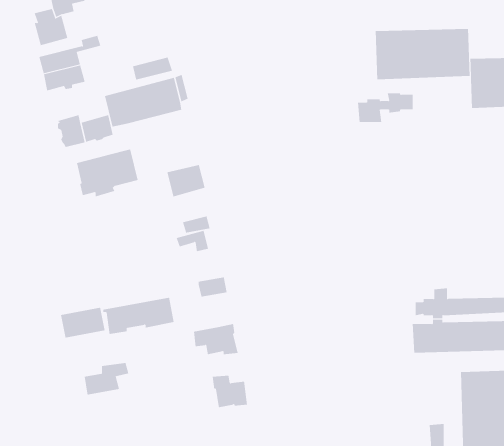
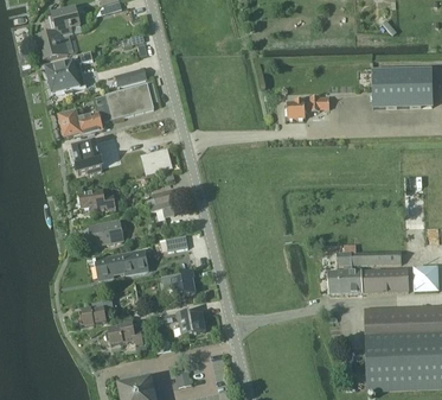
building: [375,28,470,80] -> none
building: none -> [79,190,115,211]
building: [60,307,106,338] -> [89,221,123,245]
building: none -> [108,323,143,344]

